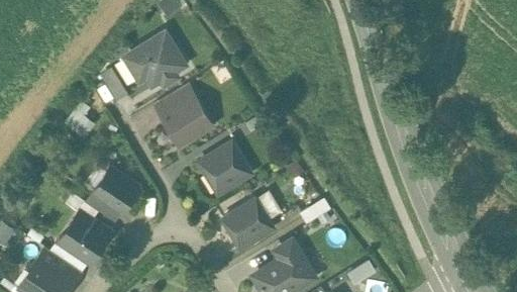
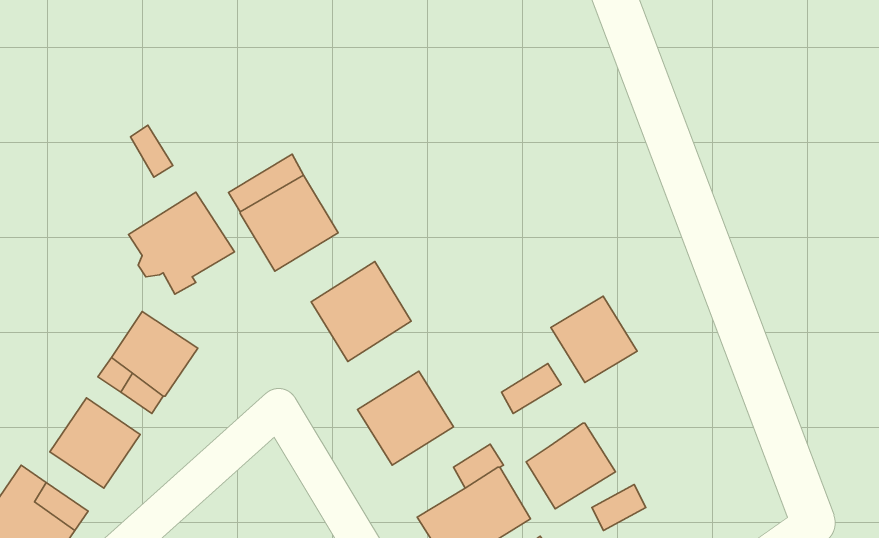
building: [128,34,184,88] -> [129,192,234,294]
building: none -> [551,296,637,382]
building: none -> [526,423,616,509]

